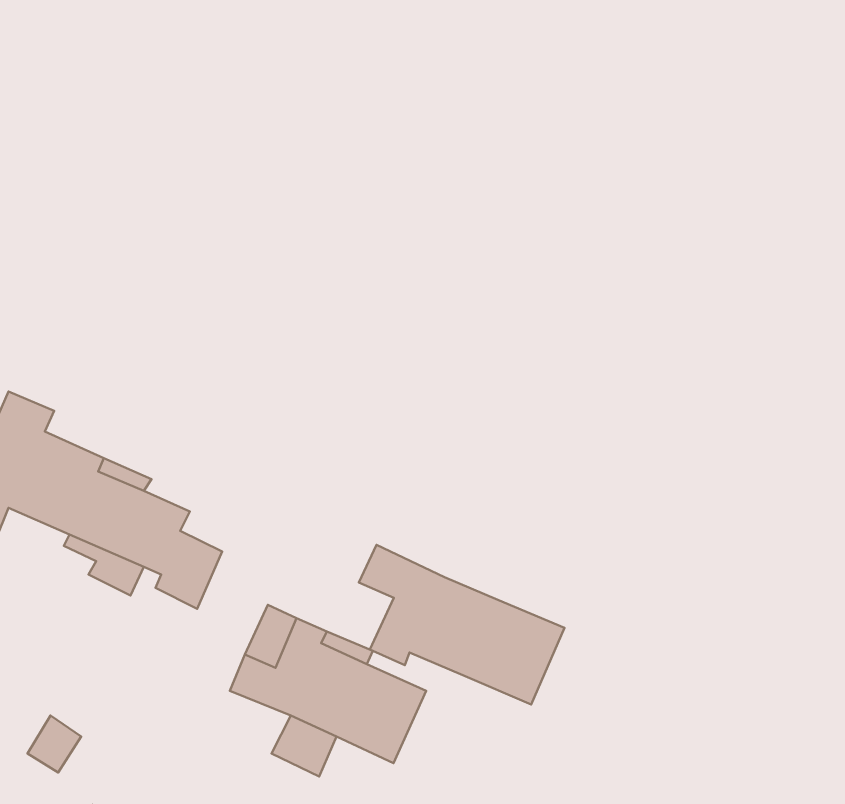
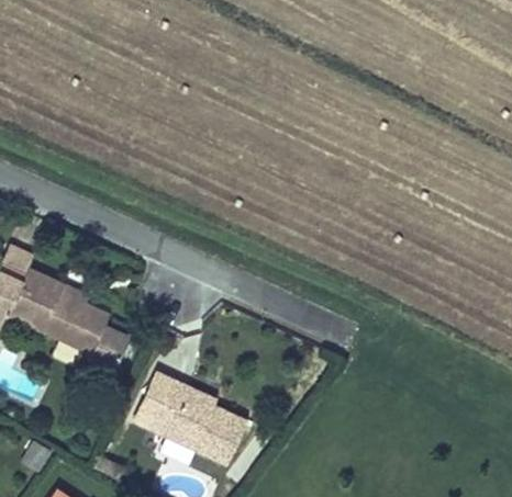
building: [359,545,565,705] -> none

